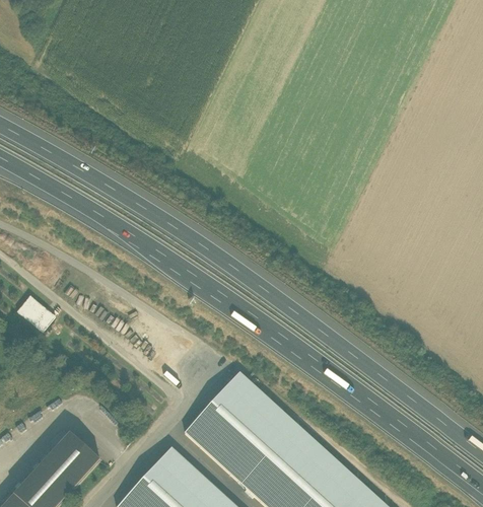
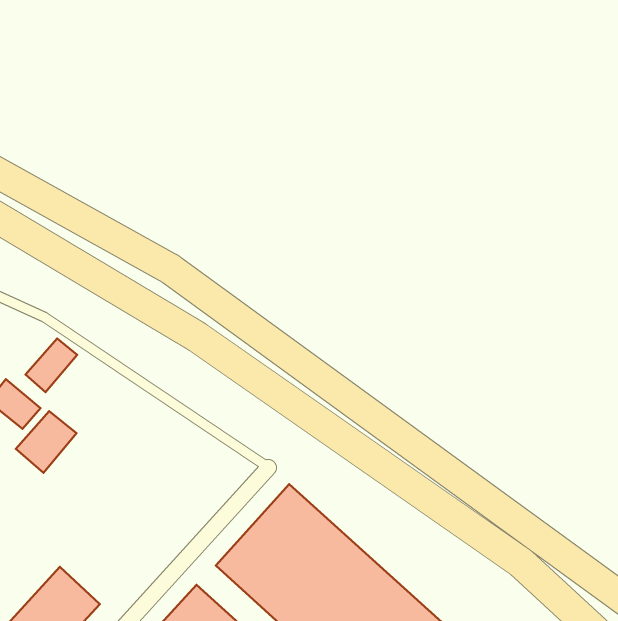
building: none -> [26,339,77,392]
building: none -> [16,411,77,473]

